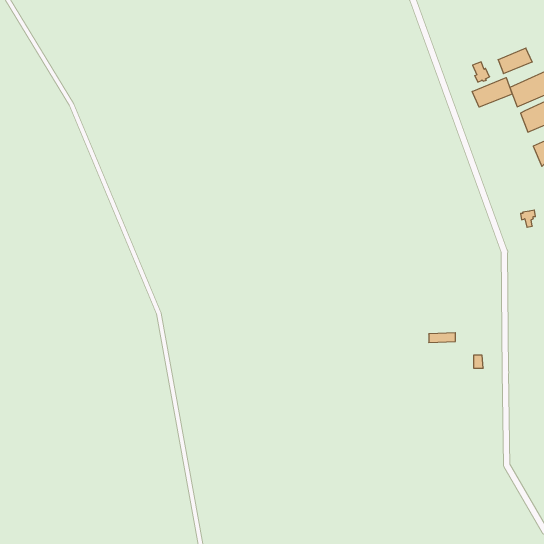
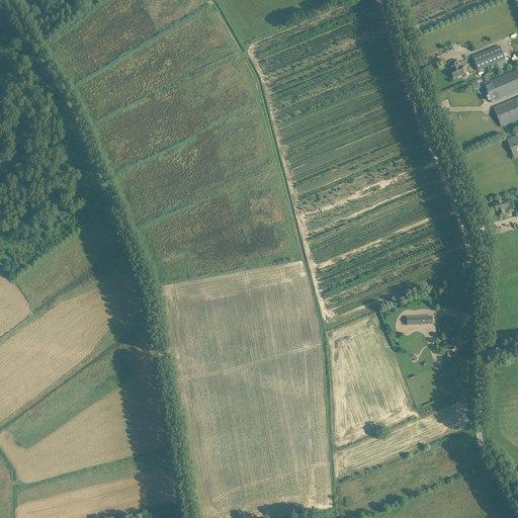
building: [472,78,512,107] -> none

